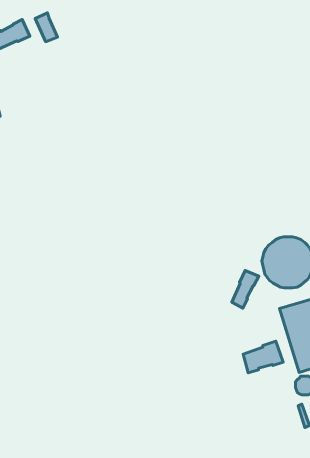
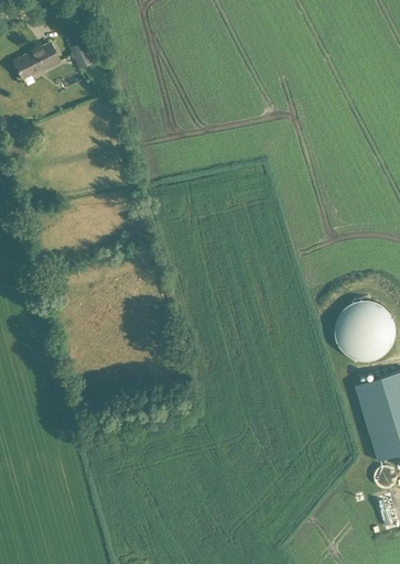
building: [232,270,259,308] -> none
building: [243,341,283,373] -> none

